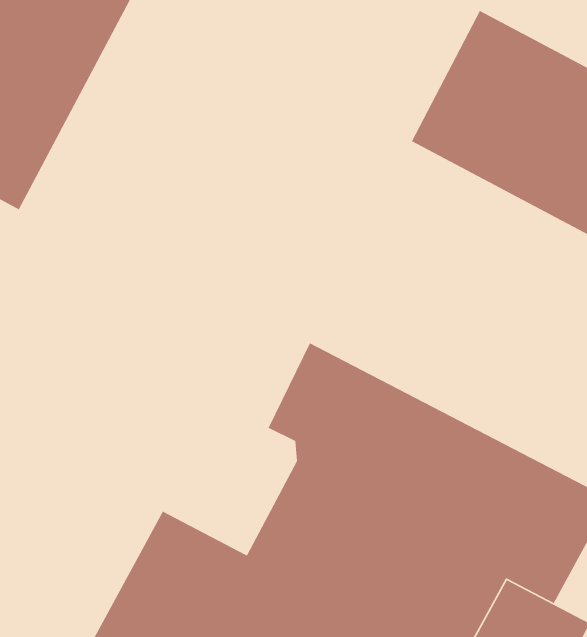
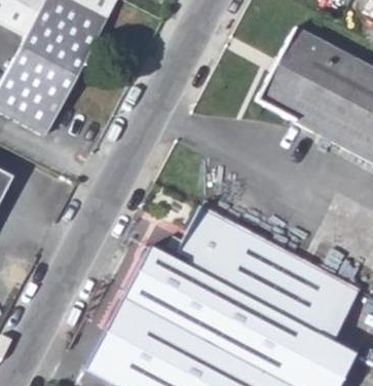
building: none -> [123,248,195,320]

